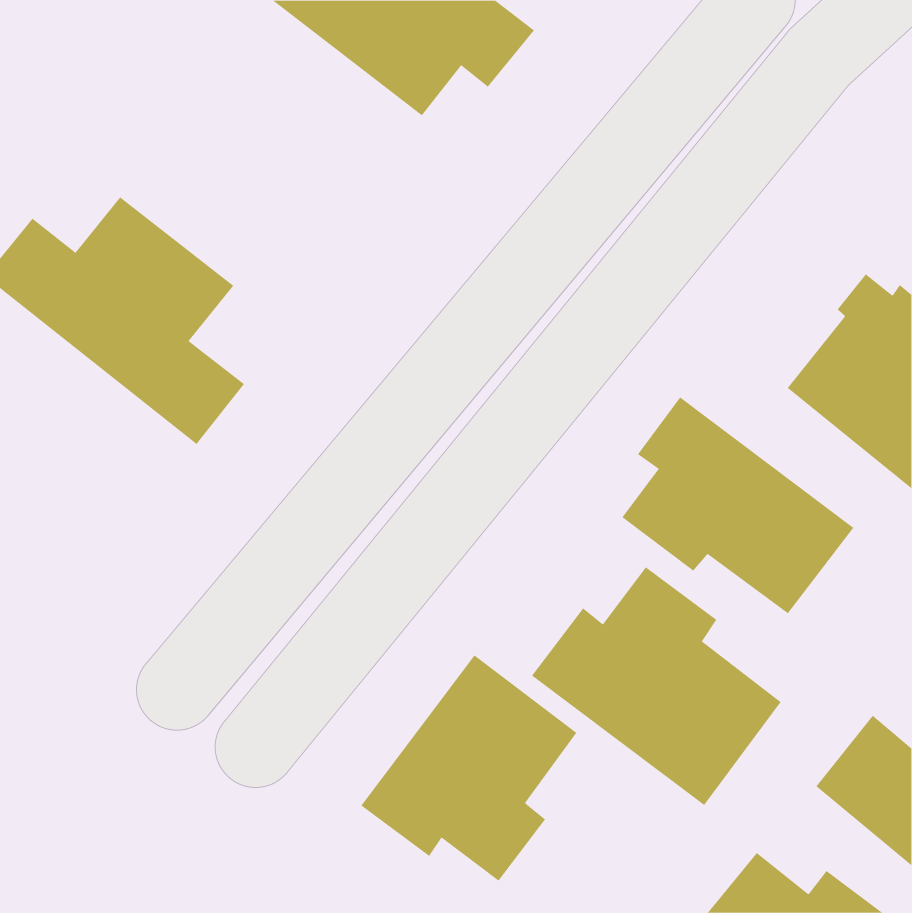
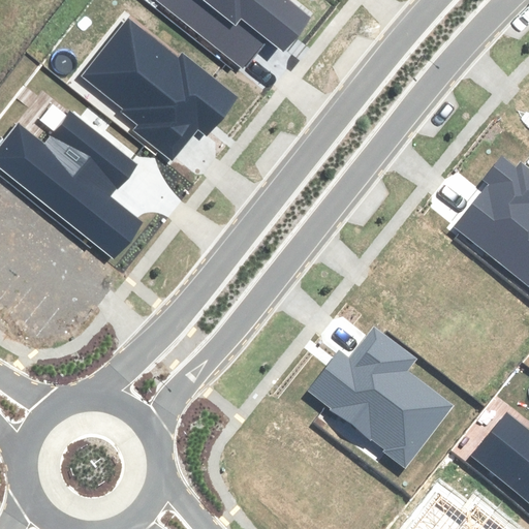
building: none -> [83,21,236,160]
building: [621,397,854,614] -> none
building: [360,654,577,882] -> none

